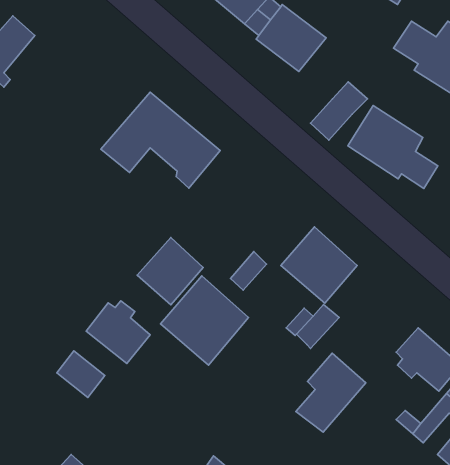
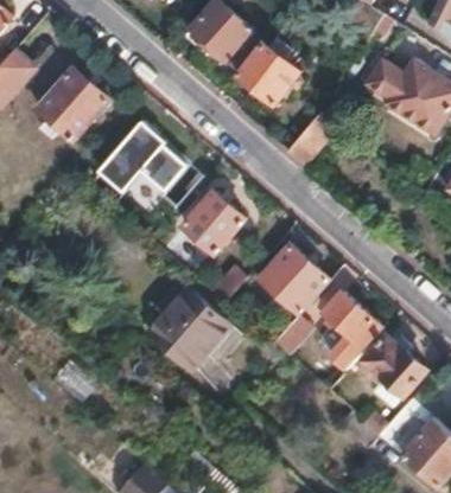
building: none -> [37,69,109,141]
building: [348,106,438,188] -> none
building: [137,238,203,305] -> [184,192,244,254]
building: [86,301,150,363] -> none
building: [296,353,366,432] -> [309,292,373,364]

